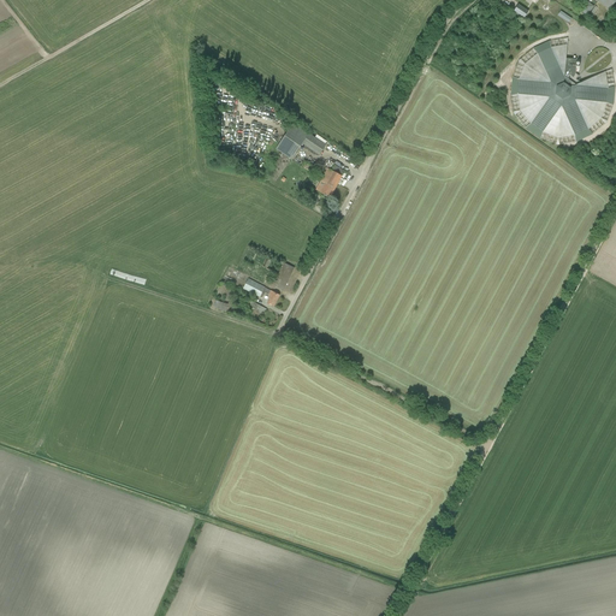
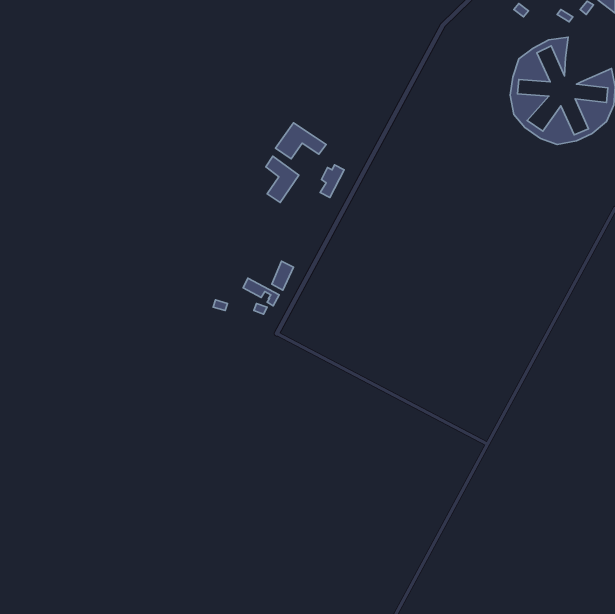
building: [517,46,608,135] -> none
building: none -> [266,156,299,203]

